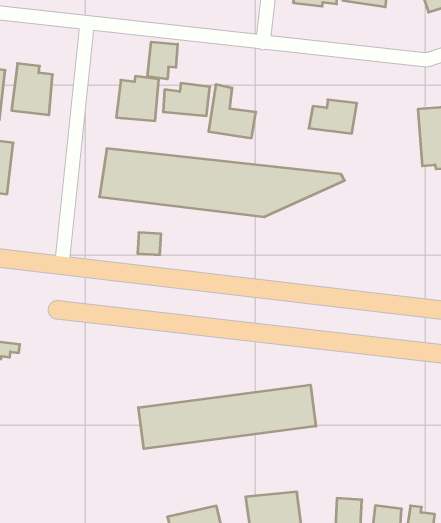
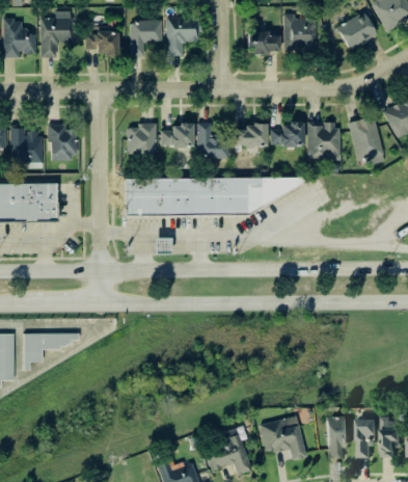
building: [147,42,178,79] -> none
building: none -> [235,124,267,146]
building: none -> [307,120,341,160]
building: [138,385,316,449] -> none

